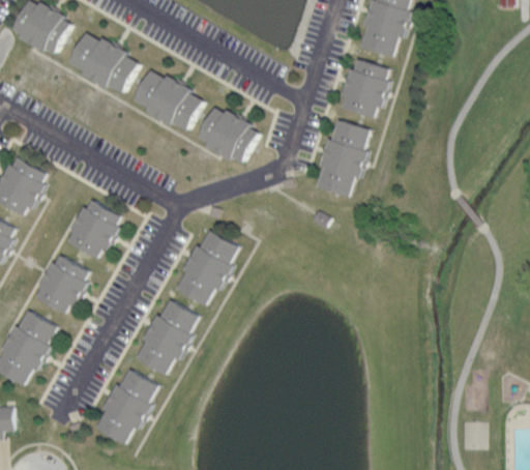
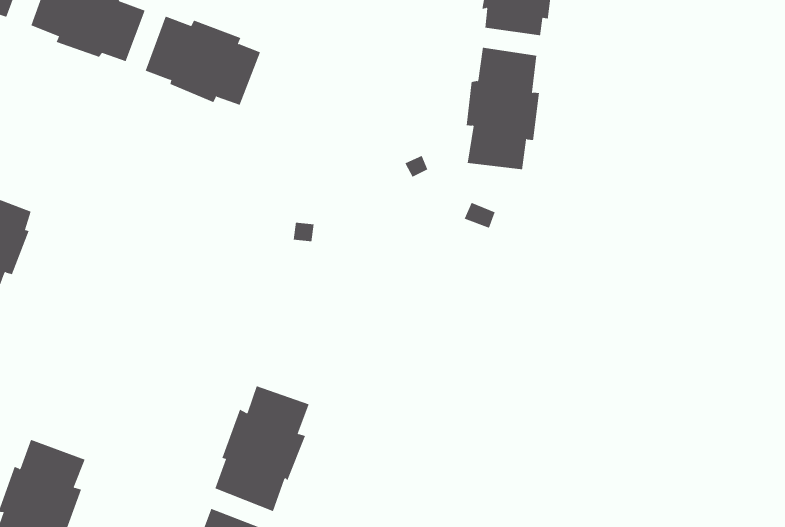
building: [197,106,257,161] -> none
building: [66,201,120,260] -> none
building: [175,230,239,306] -> none
building: [34,256,89,315] -> none

